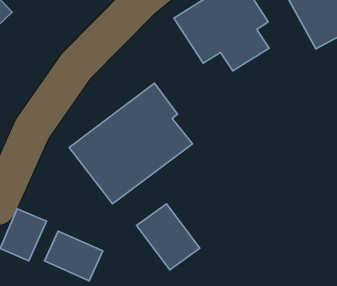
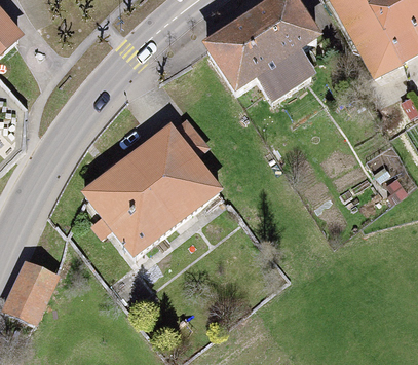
building: [136,204,200,270] -> none
building: [44,231,103,281] -> none

